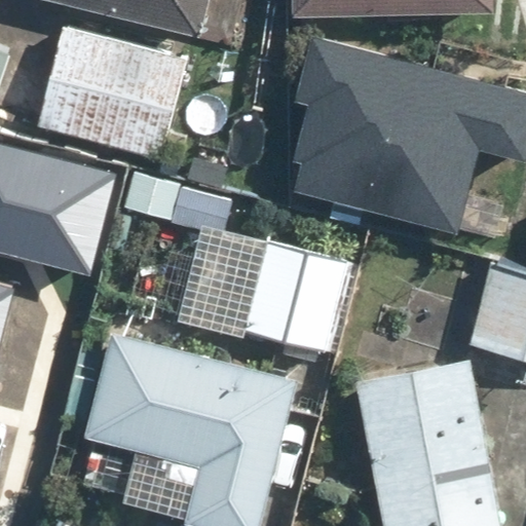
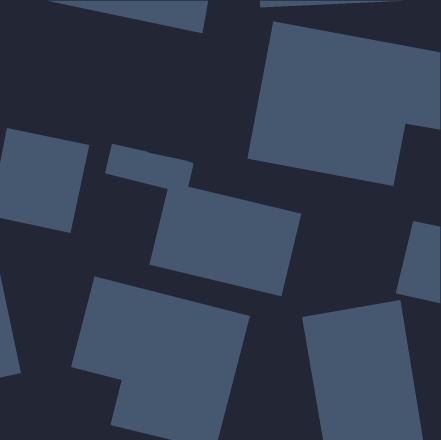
building: [32,26,188,160] -> none

